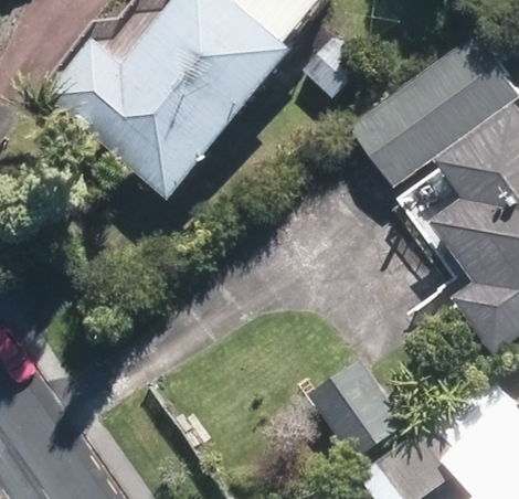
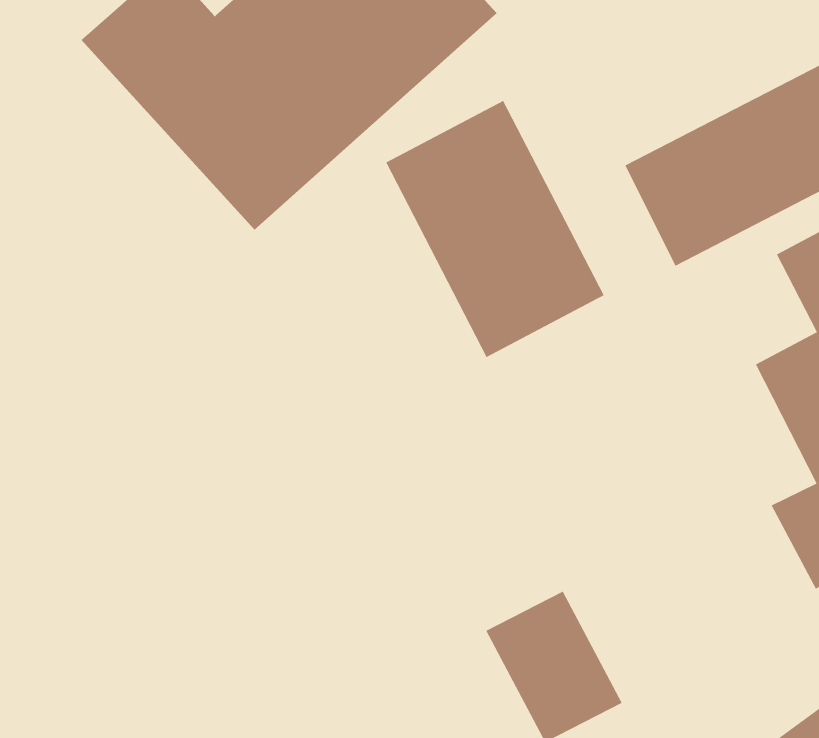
building: none -> [385,100,605,358]

